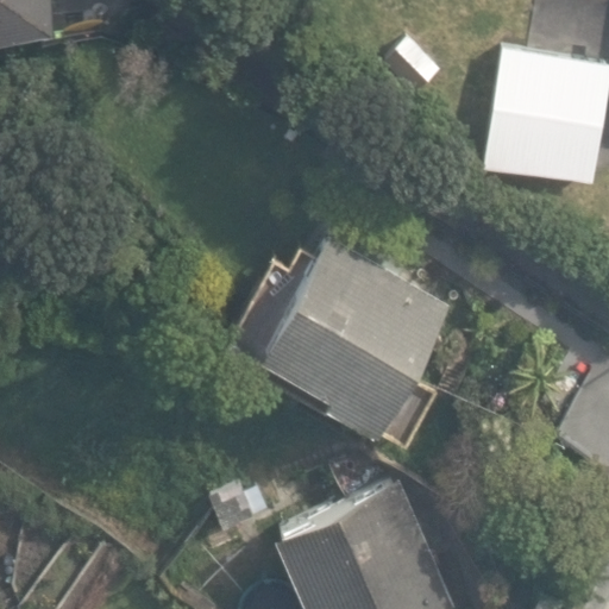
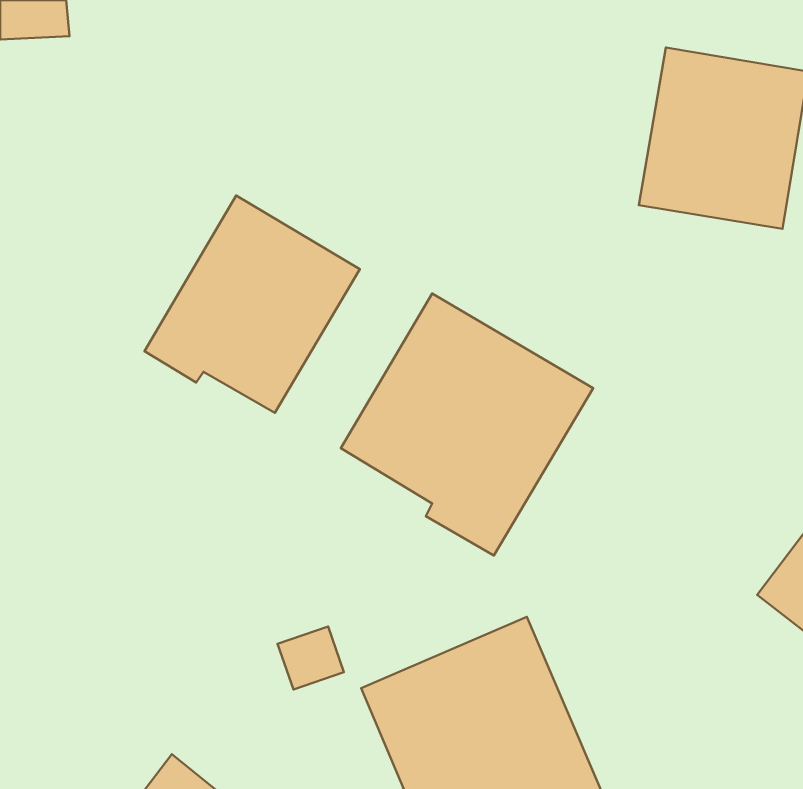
building: none -> [144,195,360,413]

